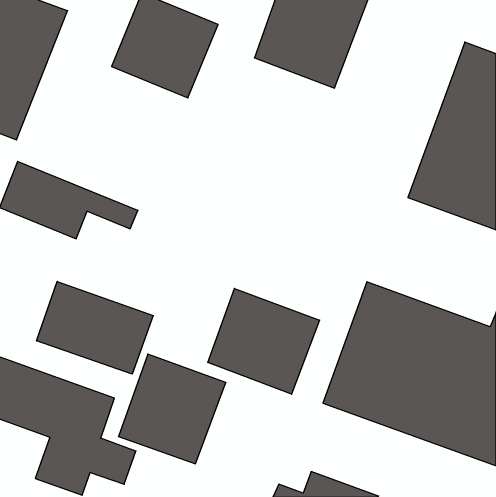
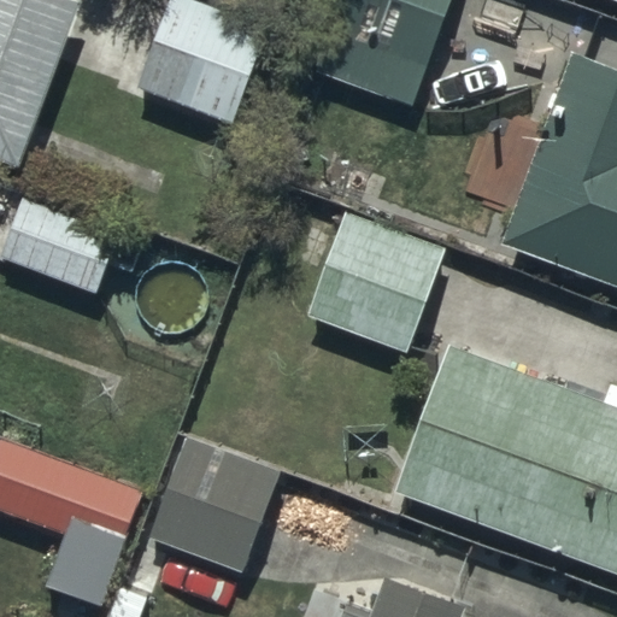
building: none -> [306,211,446,349]
building: [37,281,153,374] -> none
building: [208,288,320,394] -> none

